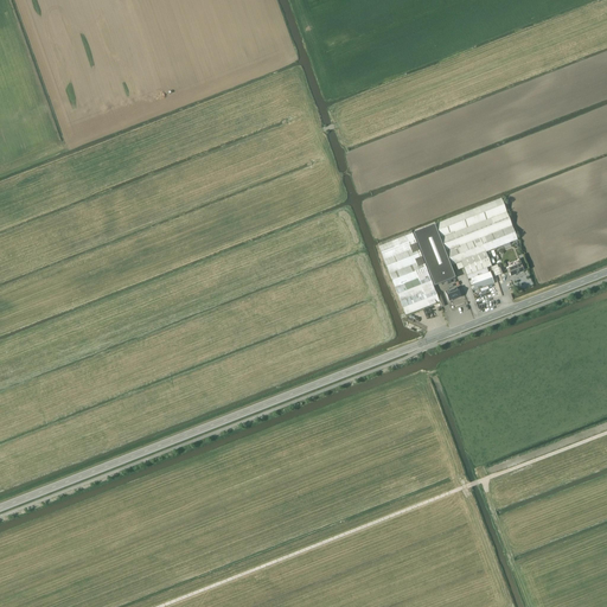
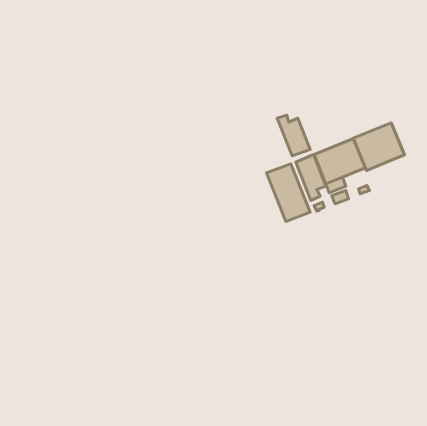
building: none -> [277,115,310,156]
building: none -> [353,123,404,170]

